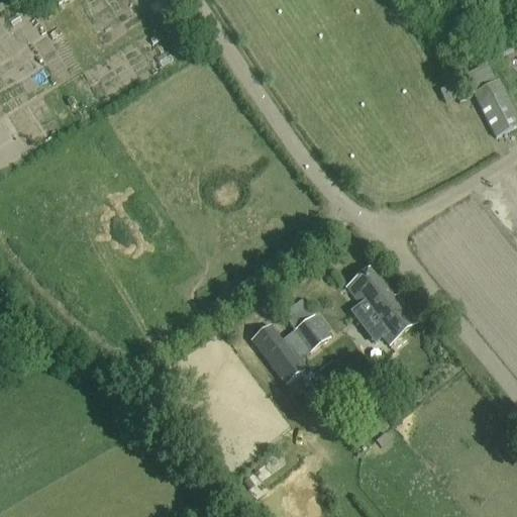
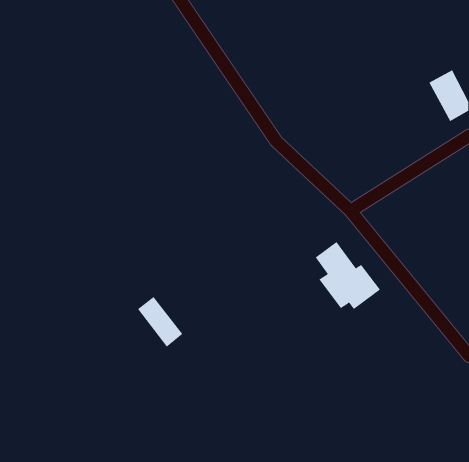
building: [286,312,330,354] -> none
building: [252,325,303,382] -> [137,296,183,348]

